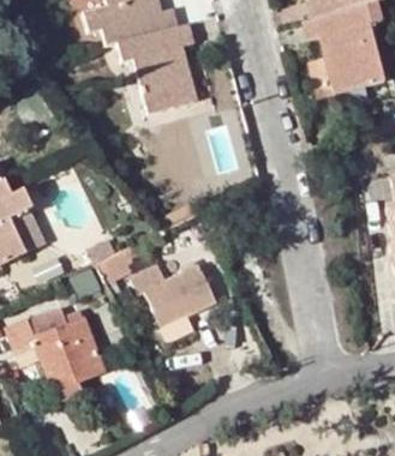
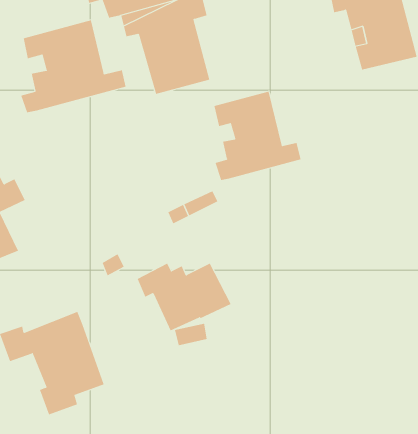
building: none -> [21,20,126,113]
building: none -> [214,91,301,181]

